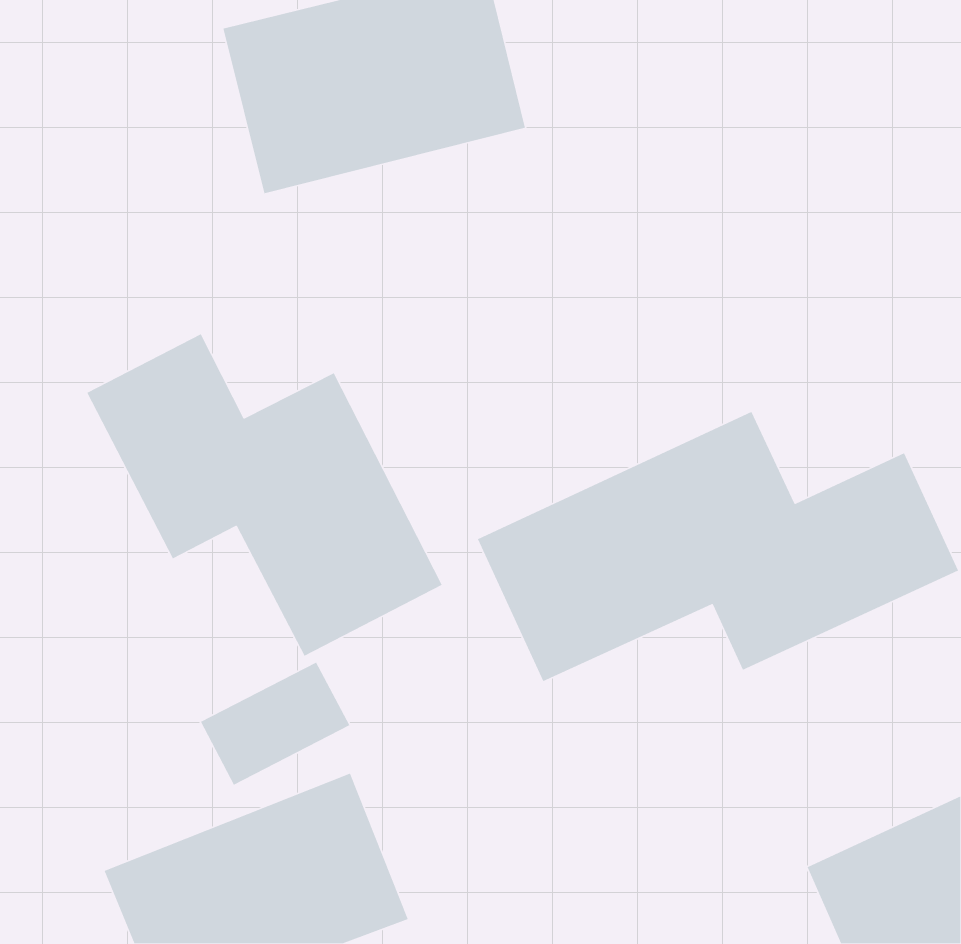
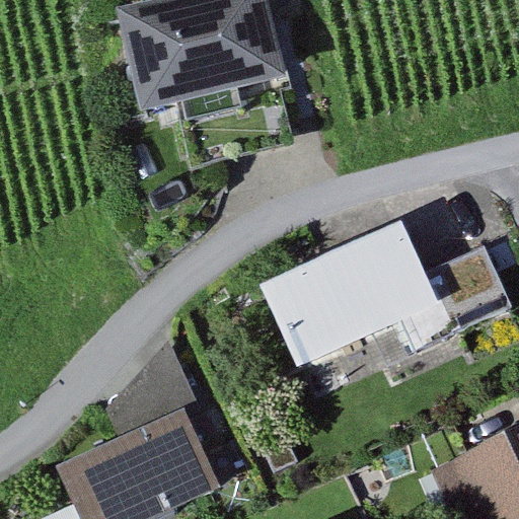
building: [86,333,443,657] -> none

